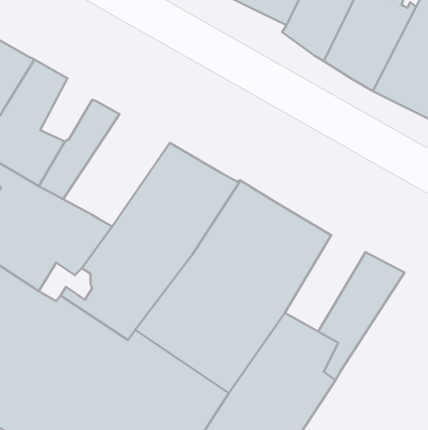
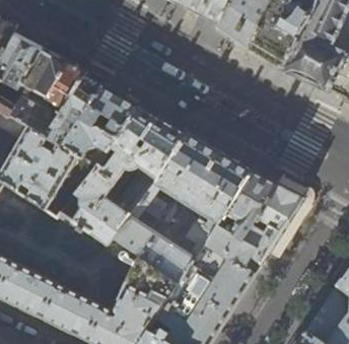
building: none -> [45,60,84,105]
building: none -> [61,85,136,164]
building: none -> [217,170,274,238]

